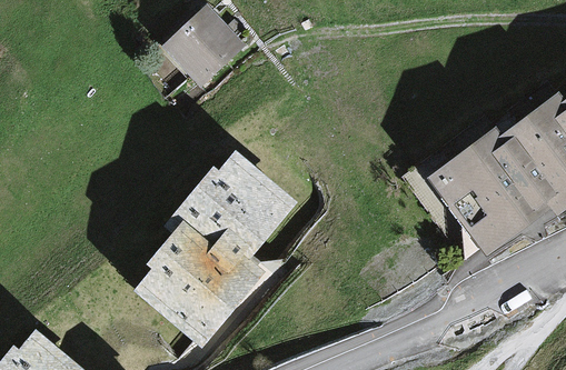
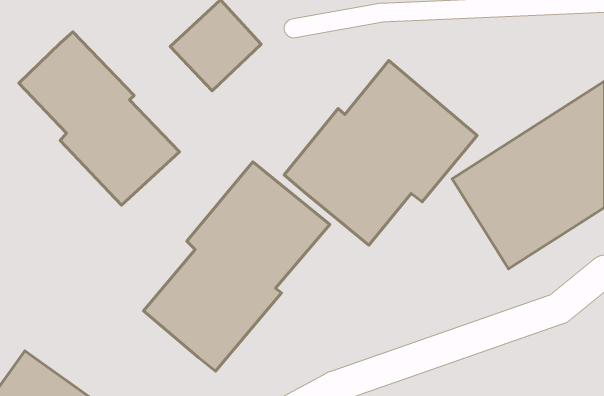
building: none -> [19,32,180,205]
building: none -> [284,60,477,245]

